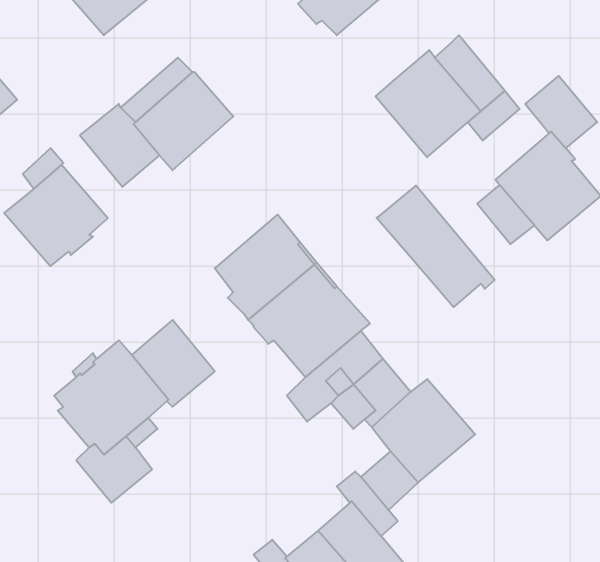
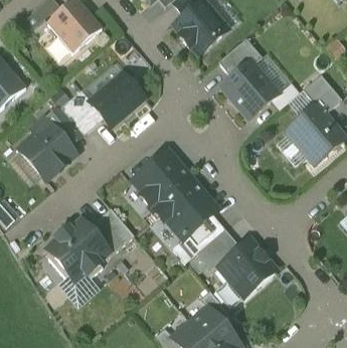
building: none -> [218,38,263,76]
building: [377,186,495,307] -> none

